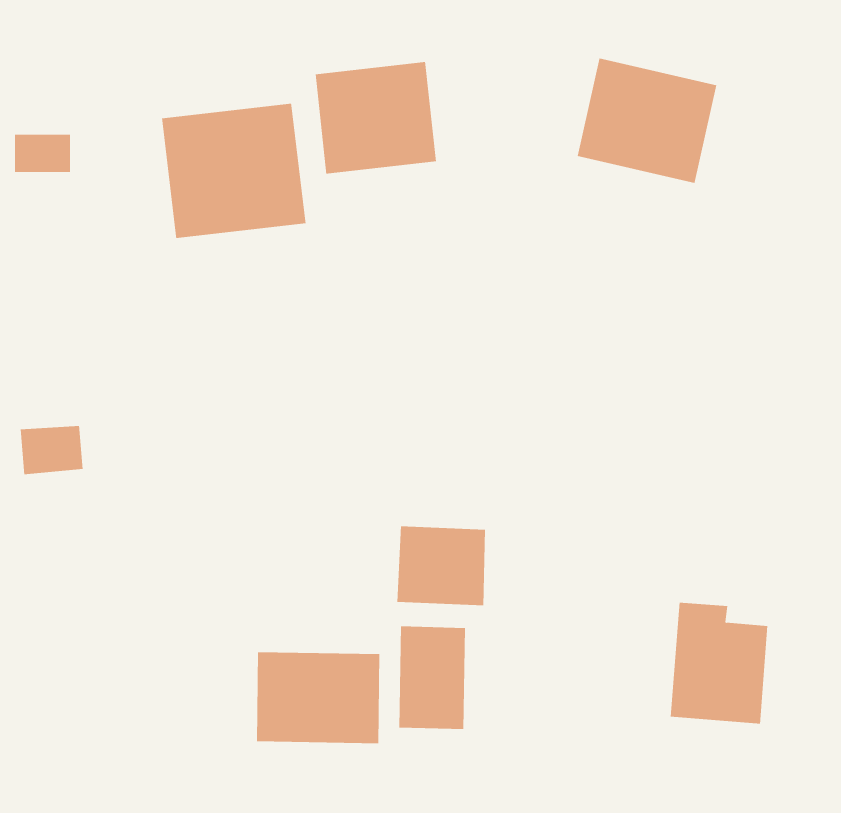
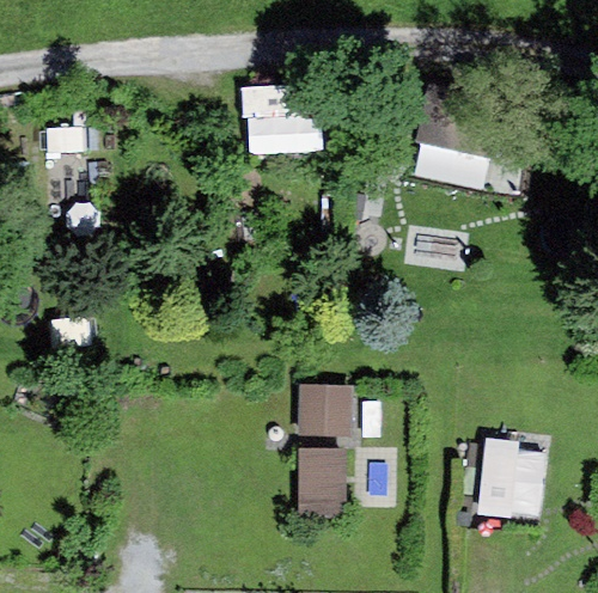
building: [161,103,306,239] -> none
building: [256,651,380,744] -> none

